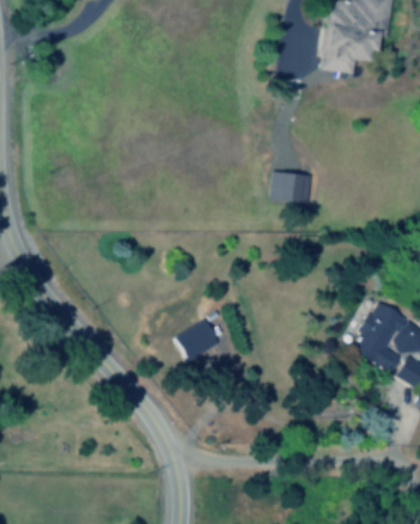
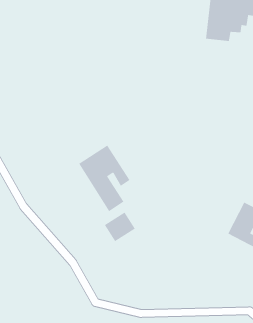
building: [269,170,311,202] -> none
building: none -> [78,145,130,212]

